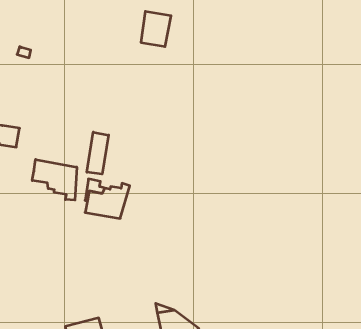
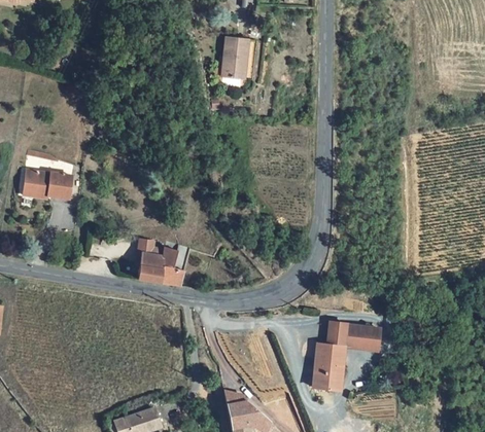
building: [87,132,109,174] -> none
building: [32,159,77,200] -> none
building: none -> [315,320,385,389]

